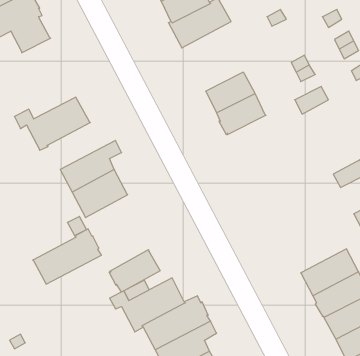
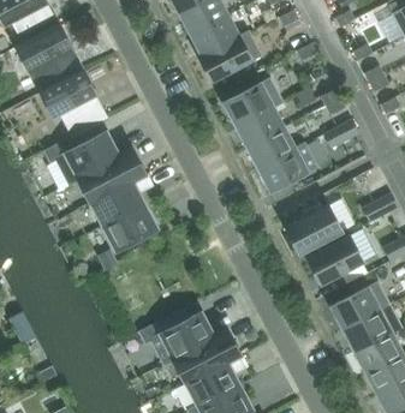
building: none -> [40,70,108,137]
building: none -> [222,78,282,125]
building: none -> [257,143,316,192]
building: none -> [285,204,343,255]
building: none -> [306,234,363,285]
building: [33,229,101,284] -> [77,148,145,203]
building: [109,250,160,292] -> none

